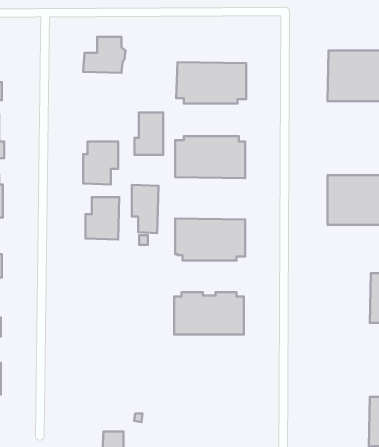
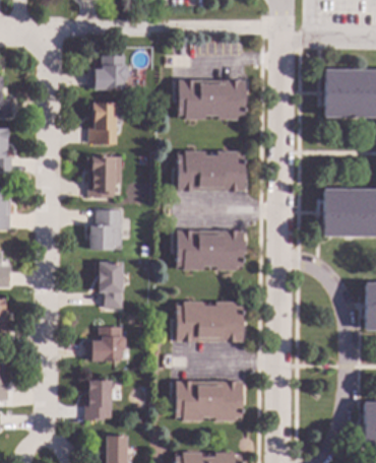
building: [134,113,163,155] -> [88,103,116,143]
building: [132,185,158,233] -> [99,261,124,308]
building: none -> [86,326,126,359]
building: none -> [85,379,113,419]
building: none -> [175,380,243,420]

